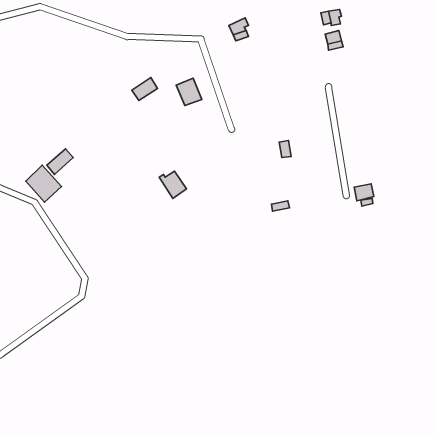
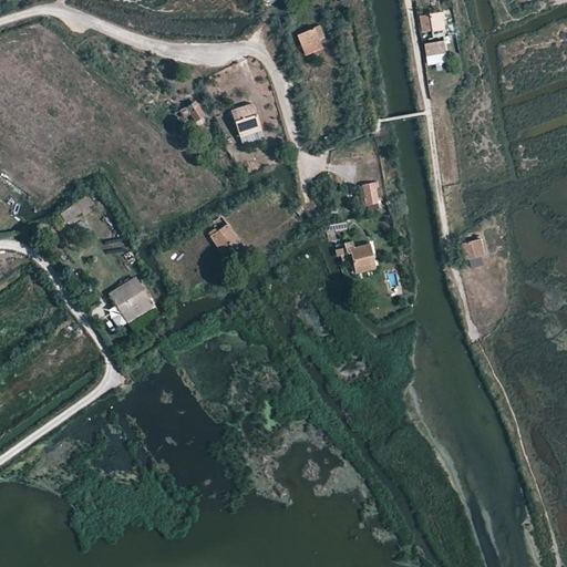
building: [26,165,62,202] -> none
building: none -> [342,240,374,266]
building: none -> [110,277,154,320]

